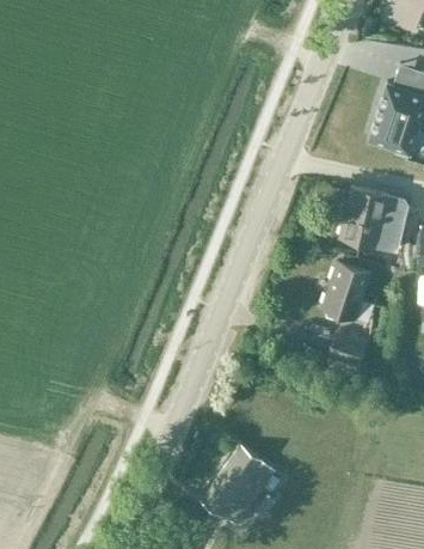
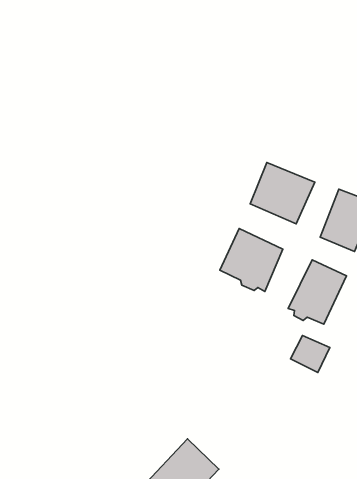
building: none -> [250,162,315,224]
building: none -> [220,229,283,292]

